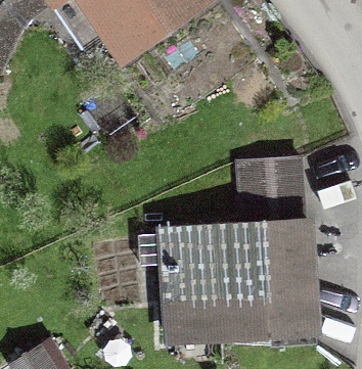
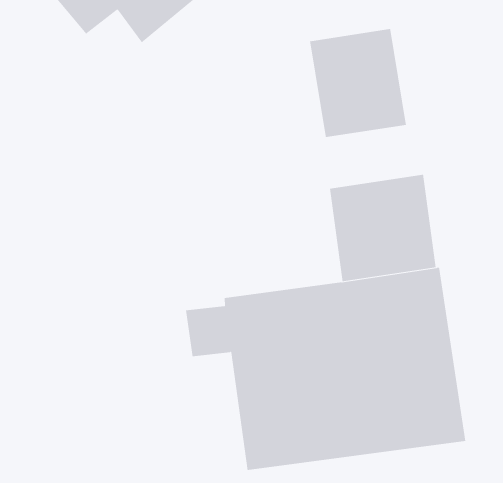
building: none -> [310,28,407,138]

